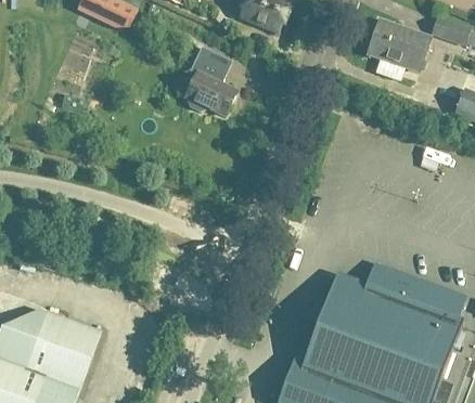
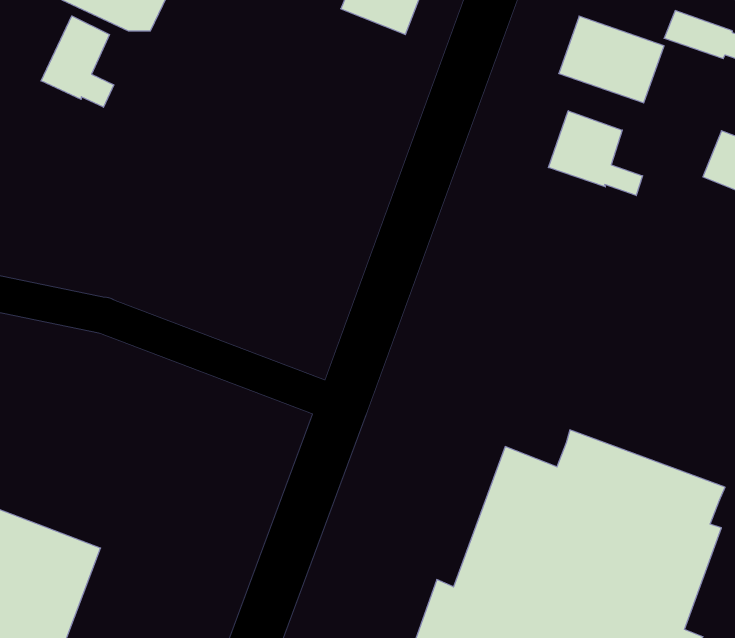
building: none -> [41,16,114,107]
building: [184,46,236,116] -> none
building: none -> [548,111,643,196]

